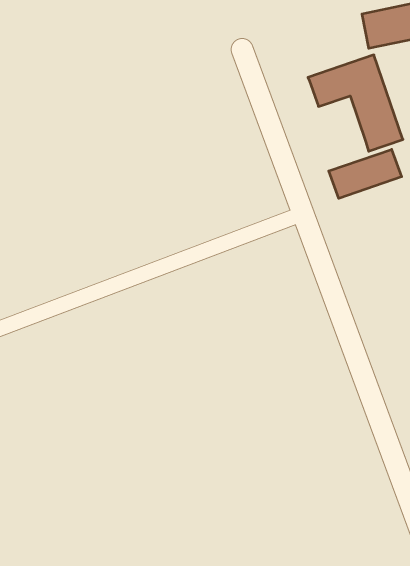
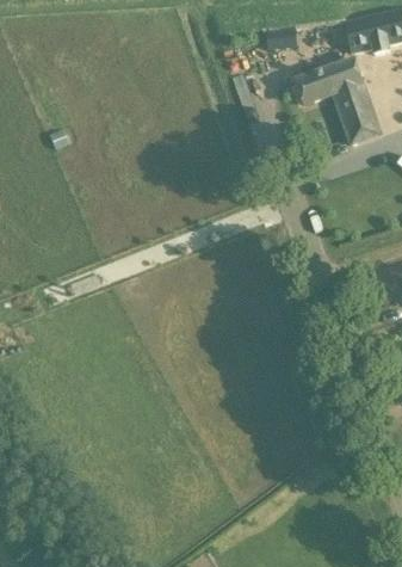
building: [329,149,402,198] -> none

